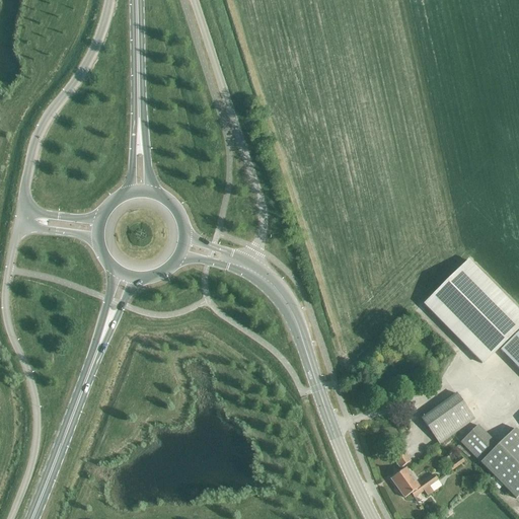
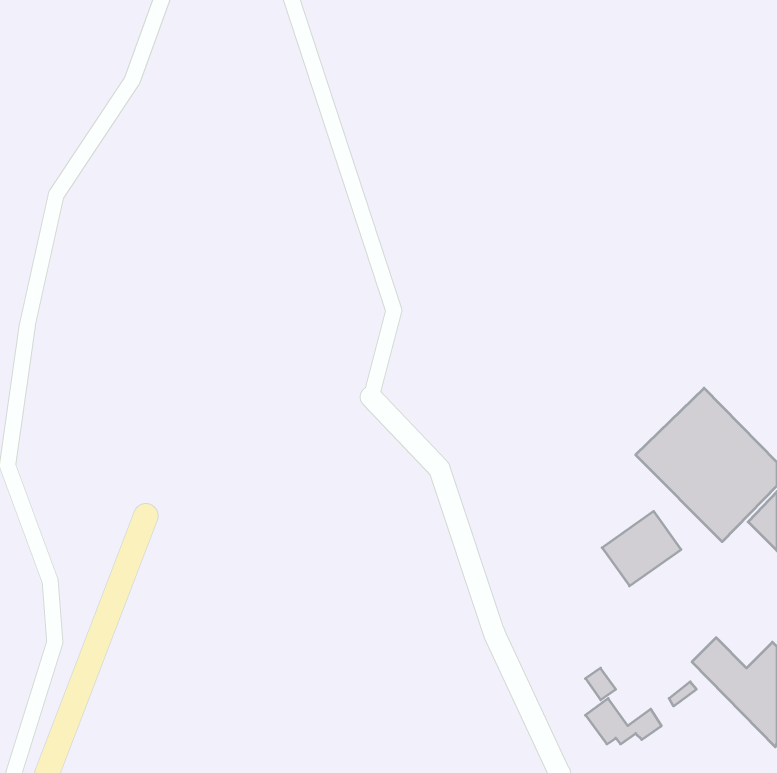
building: [422,391,474,441] -> [602,511,681,586]

